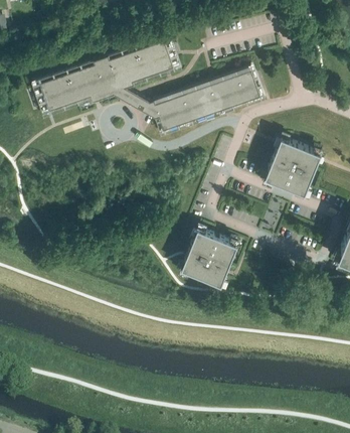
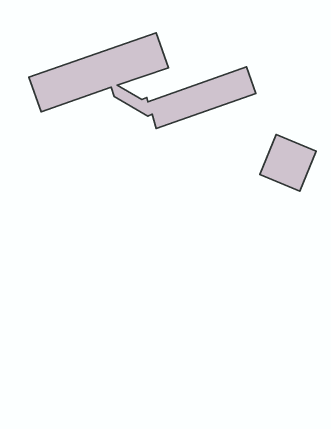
building: [181,227,236,282] -> none

